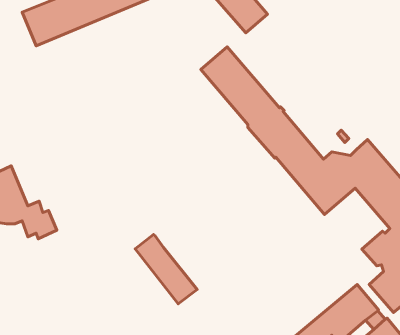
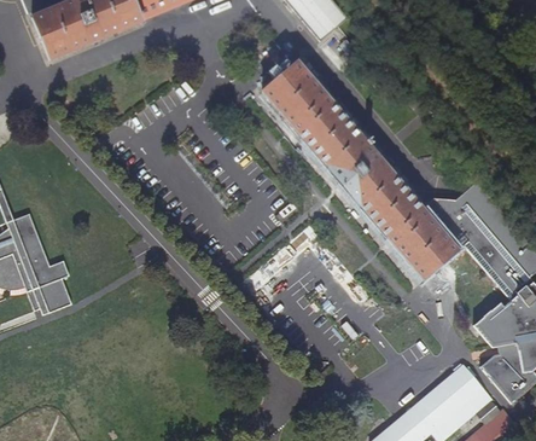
building: [135,234,197,304] -> none

